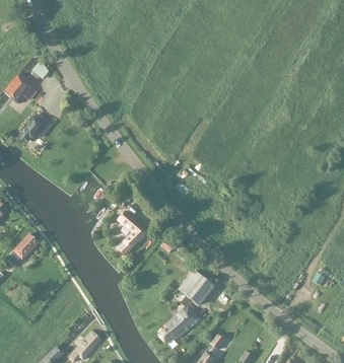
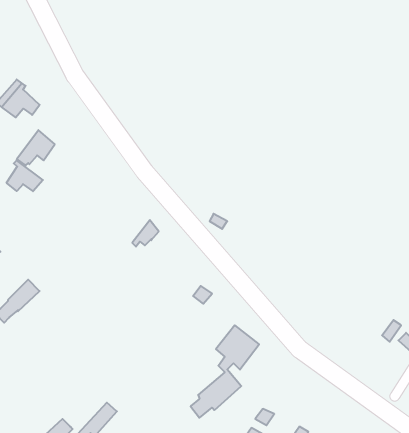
building: none -> [7,160,43,191]
building: [118,211,149,258] -> none

